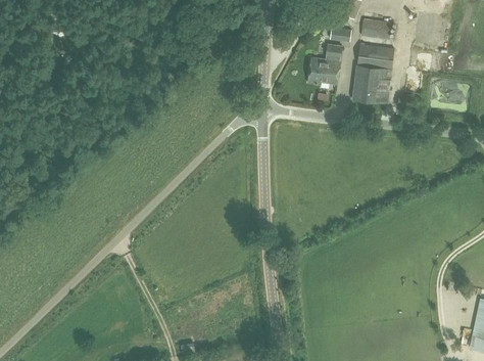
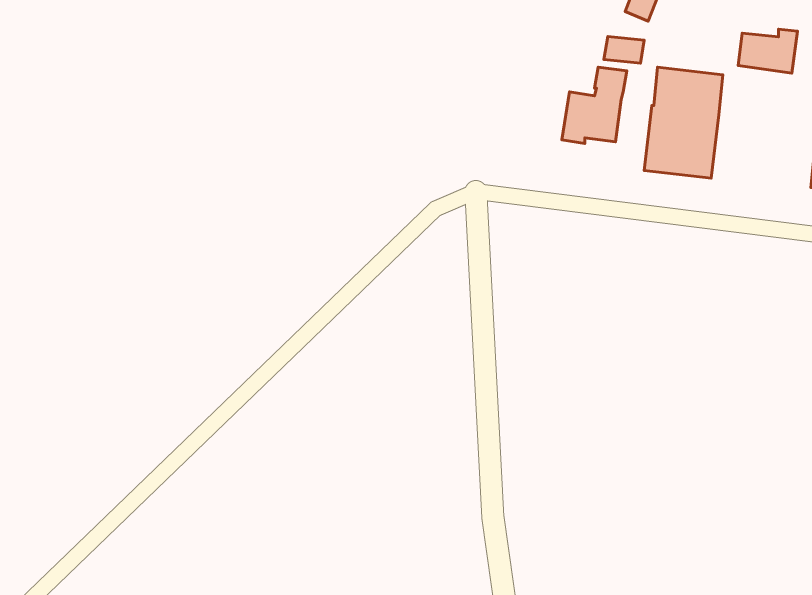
building: [360,16,392,40] -> [738,29,798,73]

